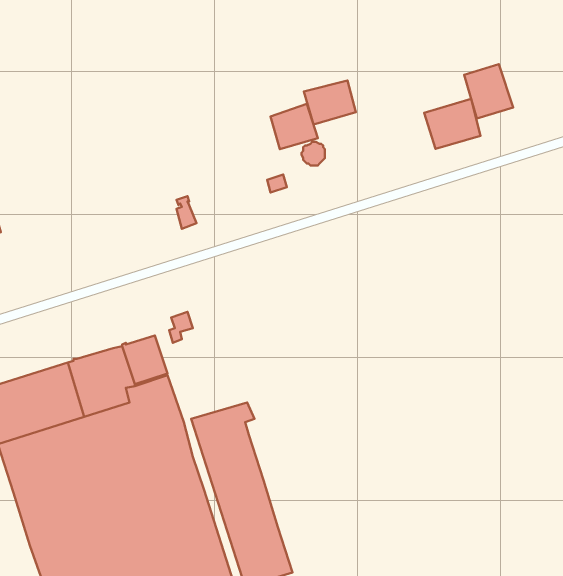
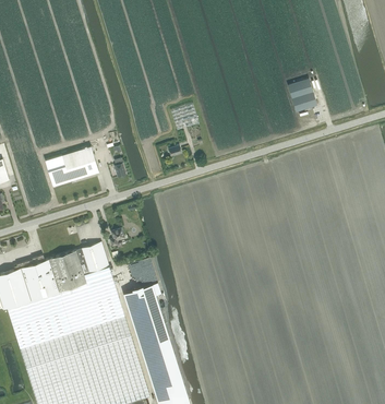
building: [304,81,356,125] -> none
building: [424,99,480,149] -> none
building: none -> [45,147,99,187]

